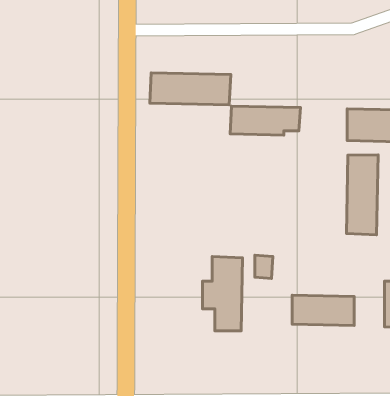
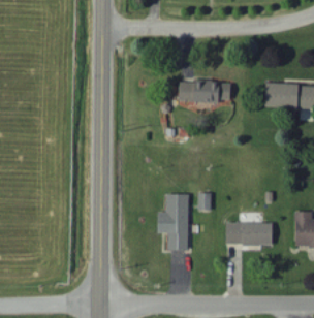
building: [150,73,231,105] -> none
building: [346,155,378,235] -> none

